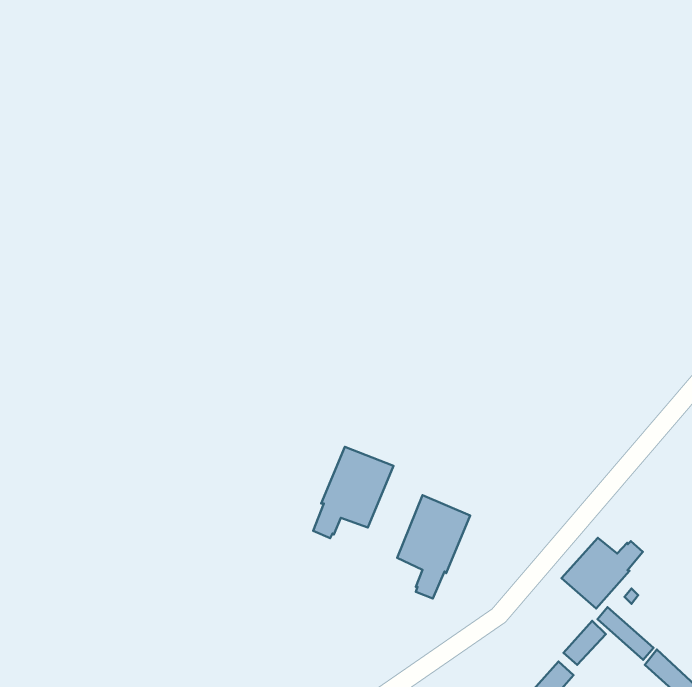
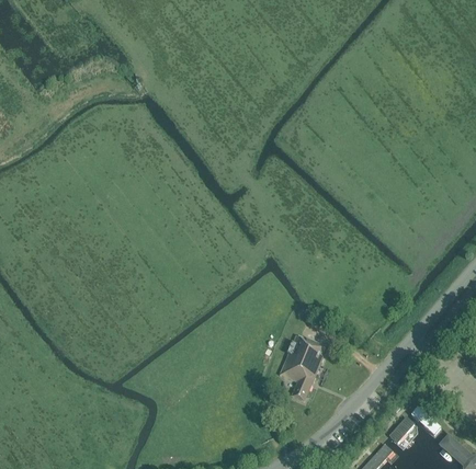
building: [313,447,394,538] -> none
building: [562,538,643,608] -> none

